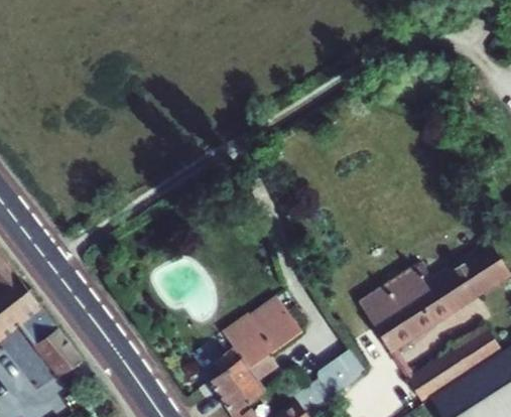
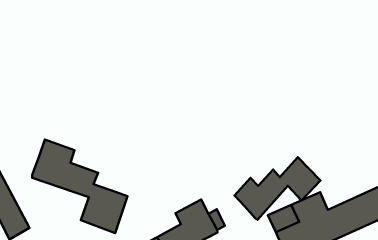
building: none -> [235,157,320,220]
building: none -> [32,140,127,233]

